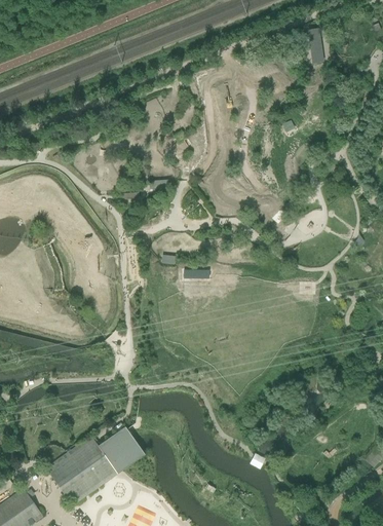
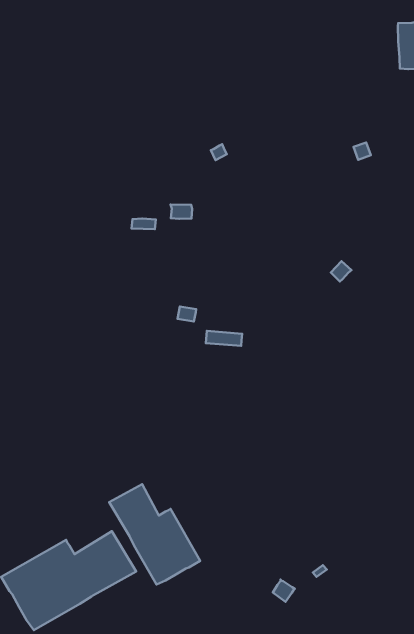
building: none -> [109,484,200,585]

